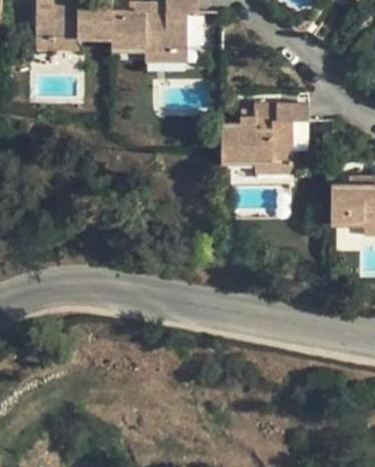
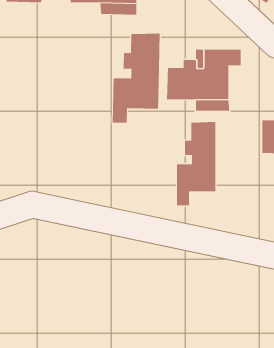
building: none -> [112,33,160,124]
building: none -> [176,121,216,206]

